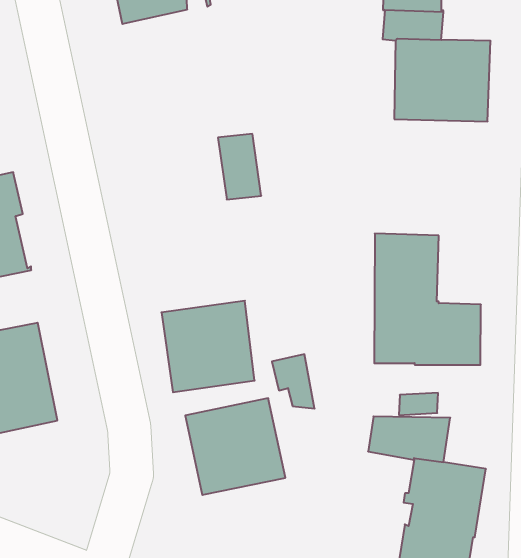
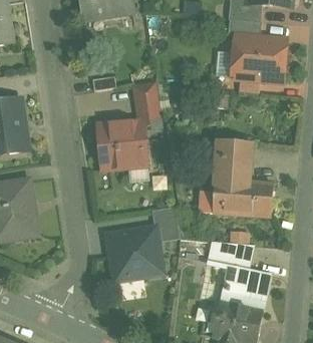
building: [161,301,255,392] -> [98,120,147,168]

